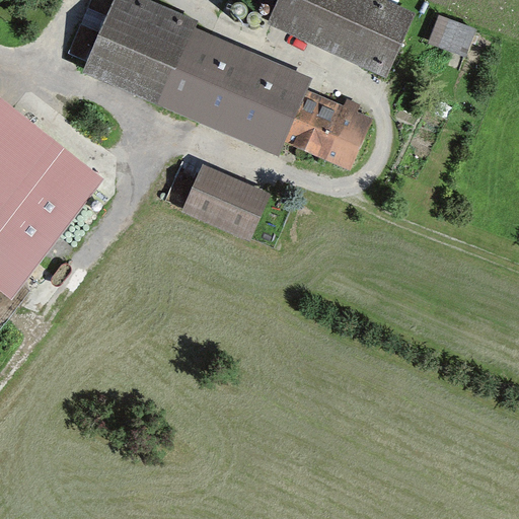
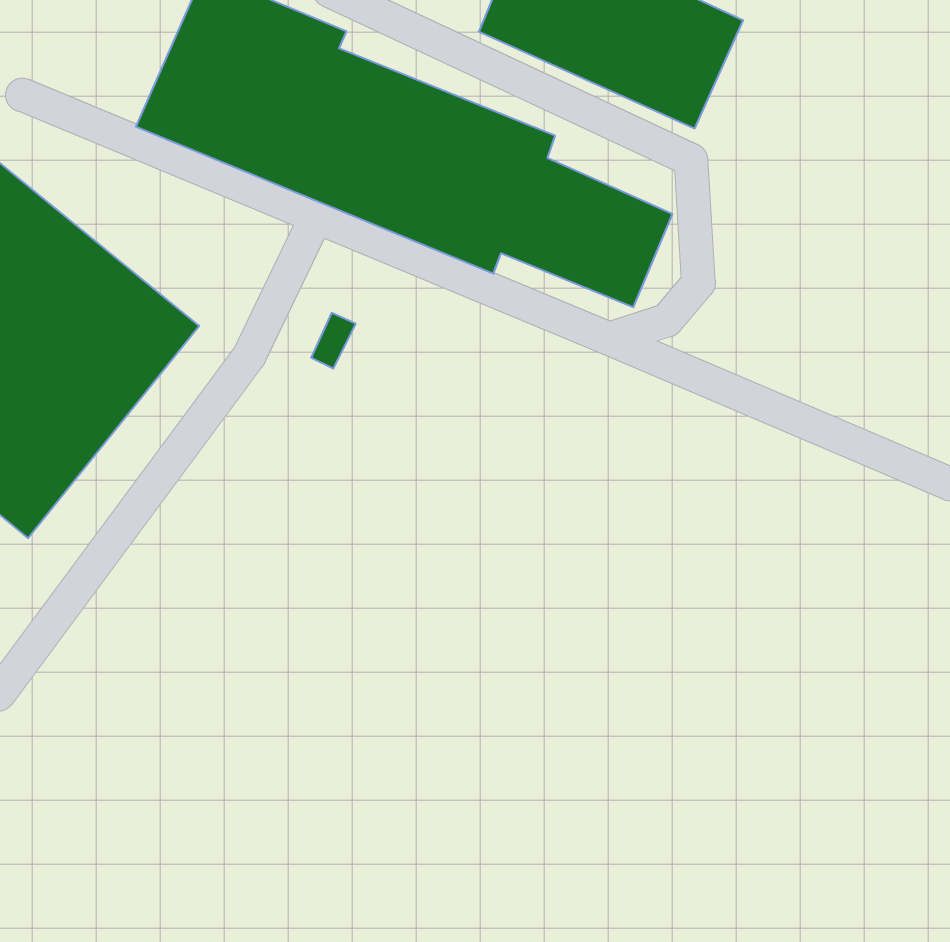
building: [429,15,473,56] -> none
building: [181,165,271,243] -> none

